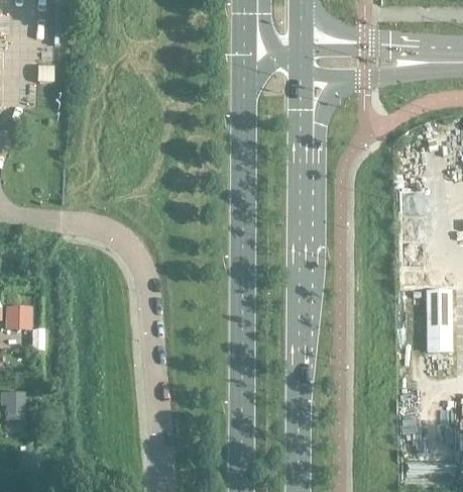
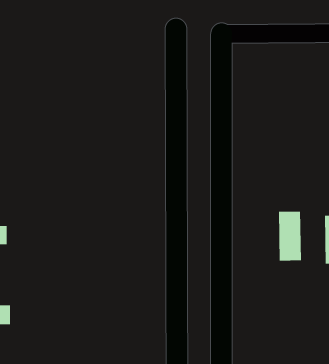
building: none -> [278,211,301,262]

